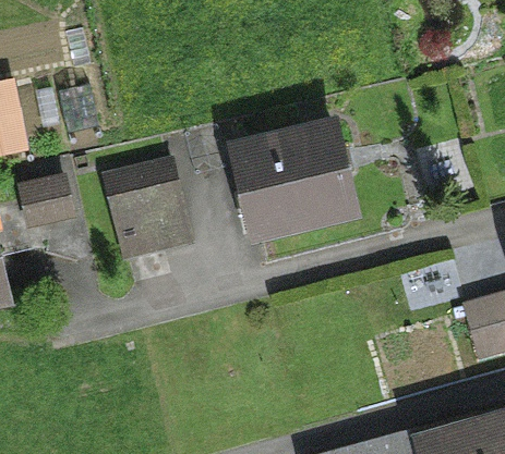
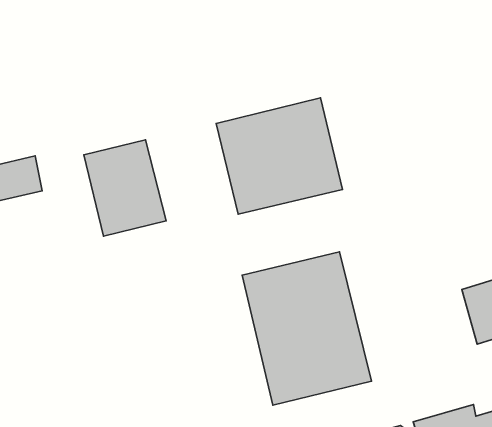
building: none -> [242,252,371,405]

